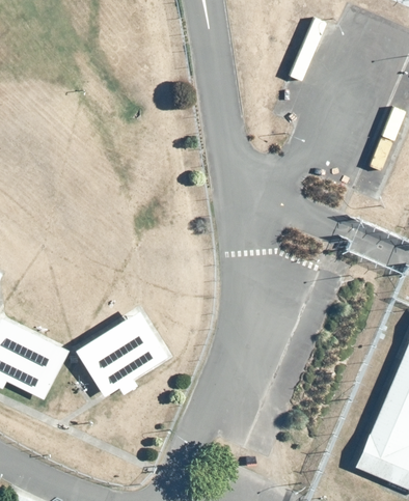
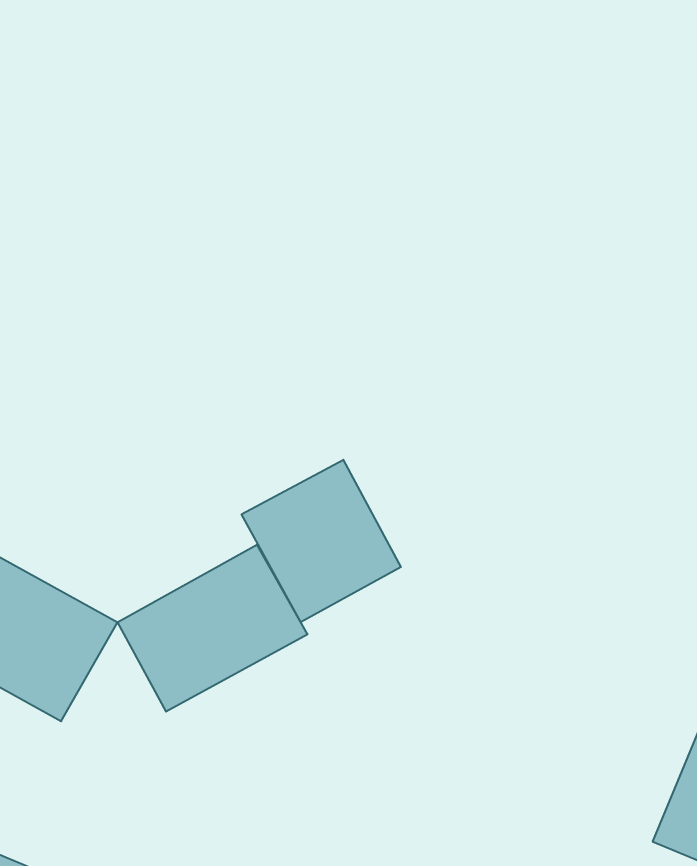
building: none -> [242,460,401,622]

